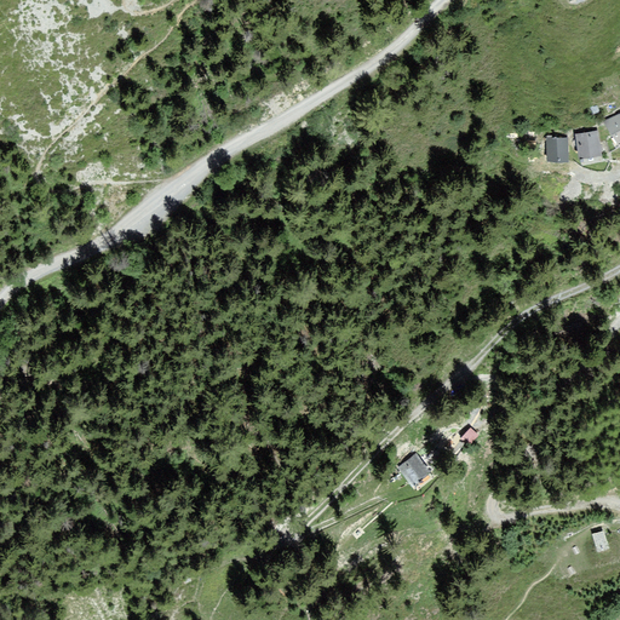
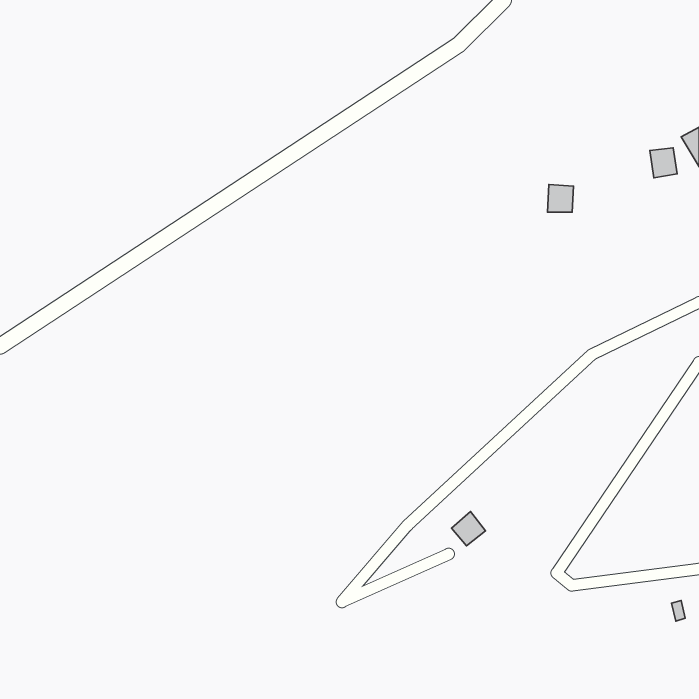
building: [545,137,568,161] -> [547,185,573,212]

